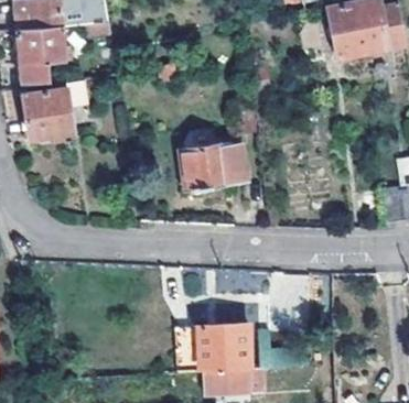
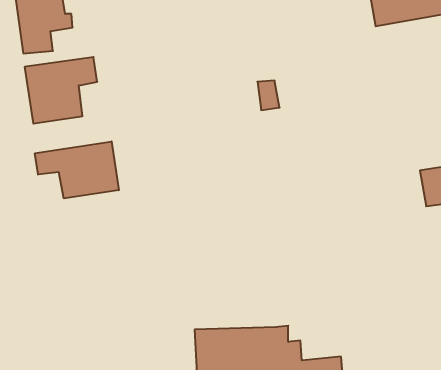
building: [177,140,244,189] -> none
building: none -> [35,141,119,198]

